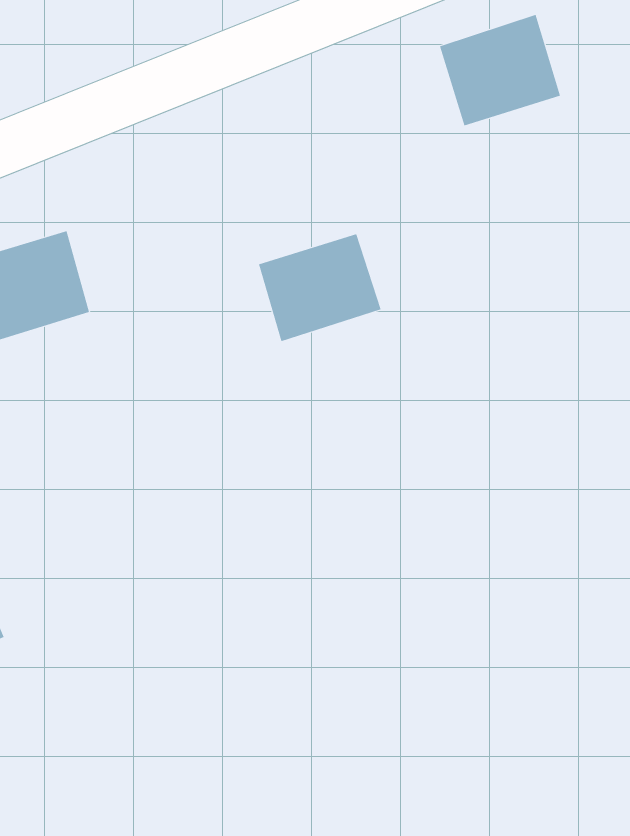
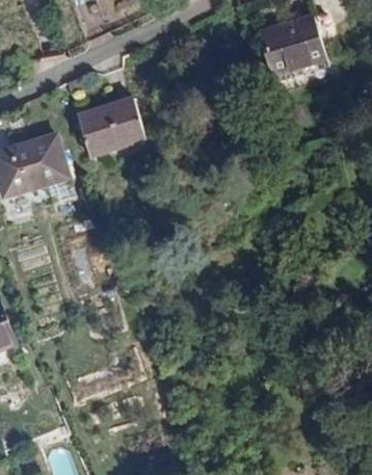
building: [258,234,382,342] -> [77,97,144,156]

